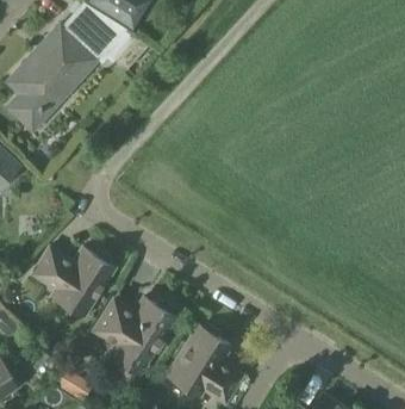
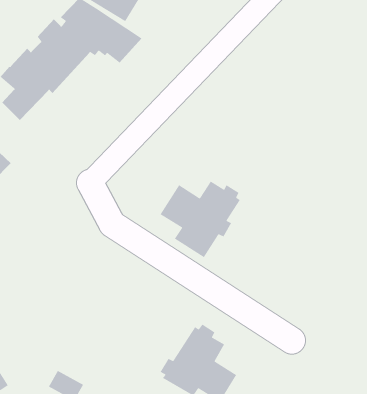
building: [31,247,112,315] -> none
building: [93,297,173,373] -> [159,180,241,258]

